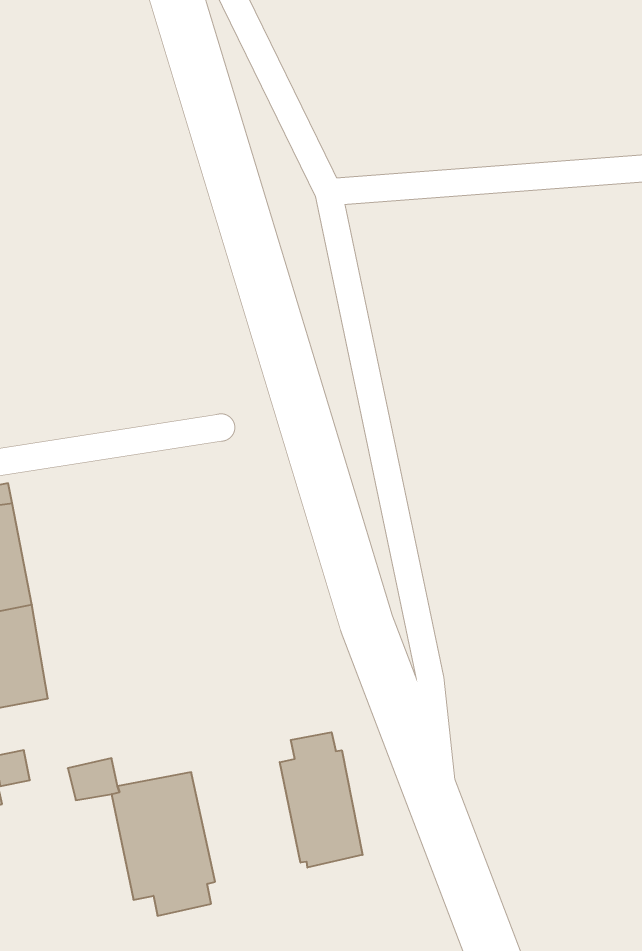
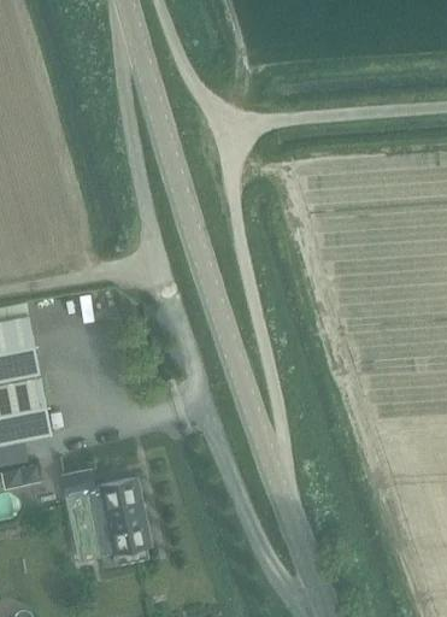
building: [280,732,363,868] -> none

